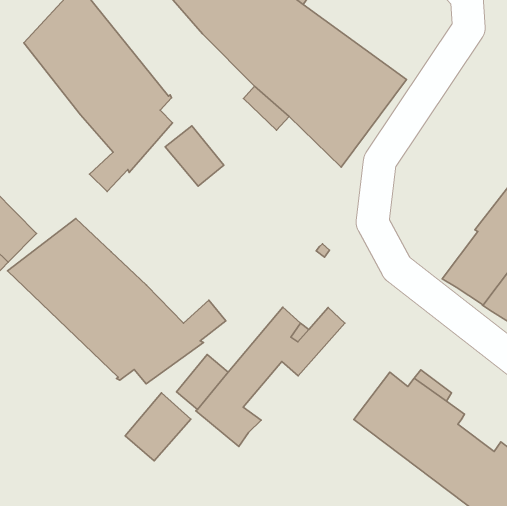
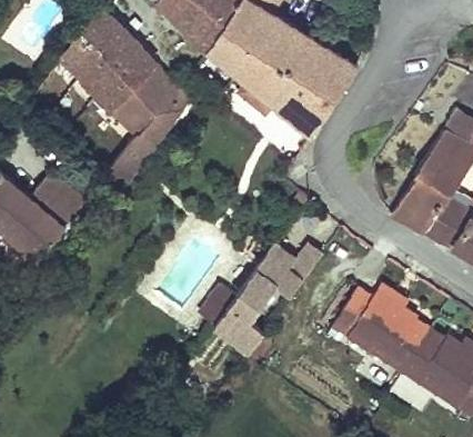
building: [165,126,224,186] -> none
building: [8,219,226,384] -> none
building: [125,393,191,461] -> none

